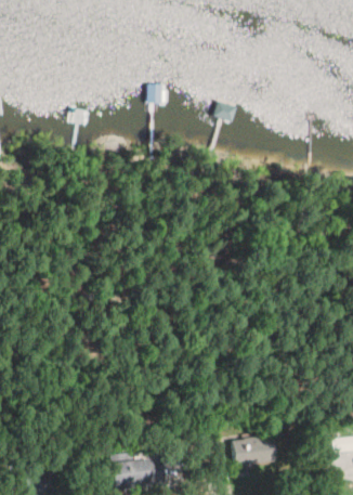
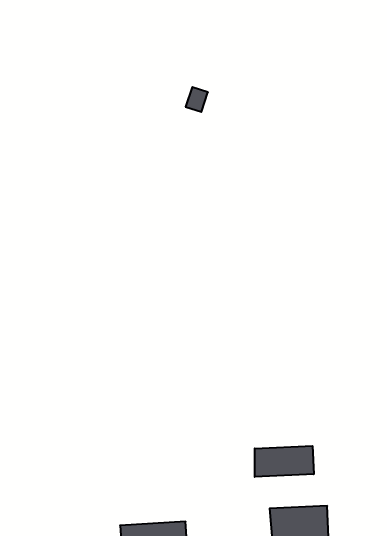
building: none -> [255,446,314,477]

